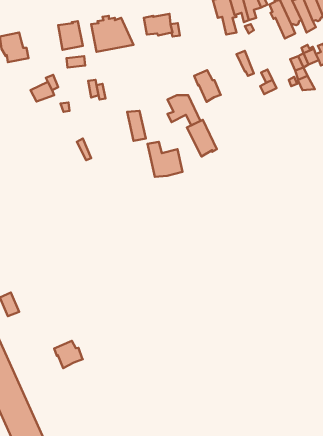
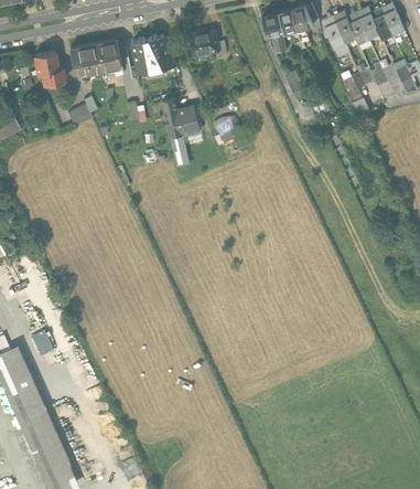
building: none -> [69,44,100,74]
building: [194,70,221,102] -> none
building: [187,120,217,156] -> none
building: [148,142,183,177] -> [162,99,200,137]
building: [54,341,83,368] -> none

